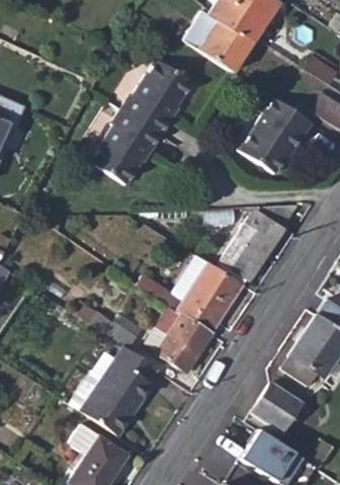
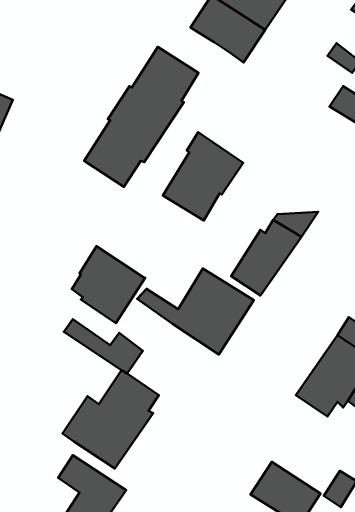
building: [239,95,311,174] -> [163,132,243,221]
building: [147,306,212,375] -> [72,246,145,323]
building: [251,383,301,432] -> none

